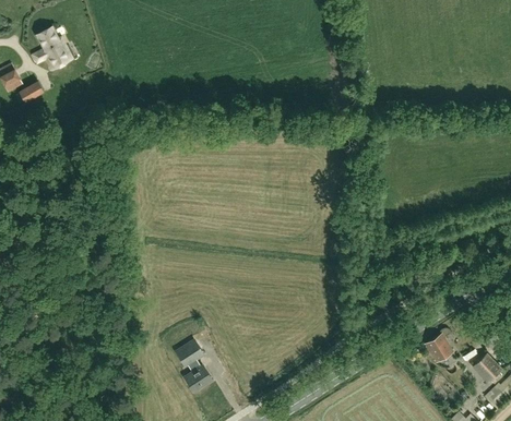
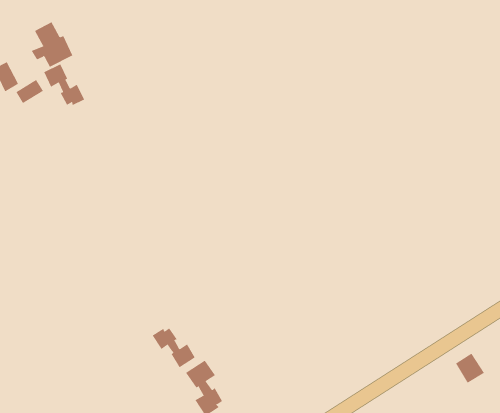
building: none -> [44,64,85,106]
building: none -> [152,328,196,368]

